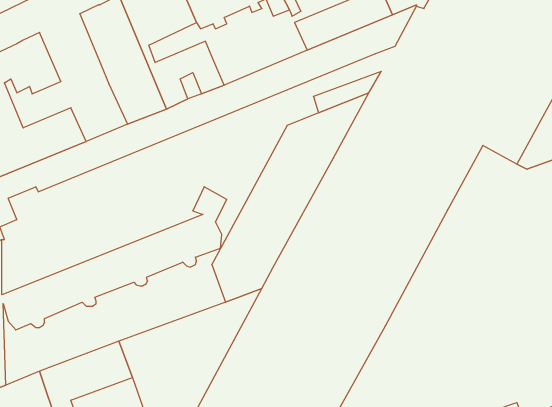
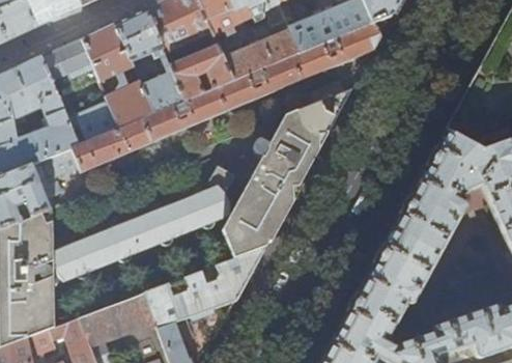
building: none -> [81,22,153,128]
building: none -> [223,29,302,81]

